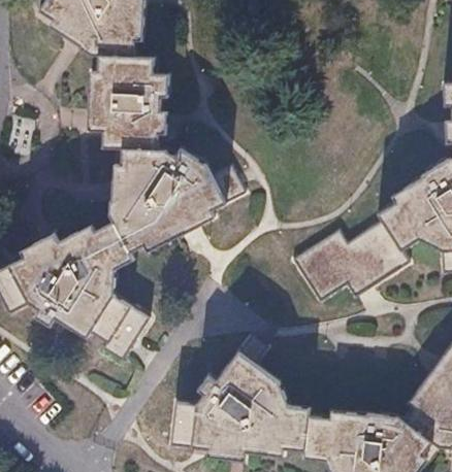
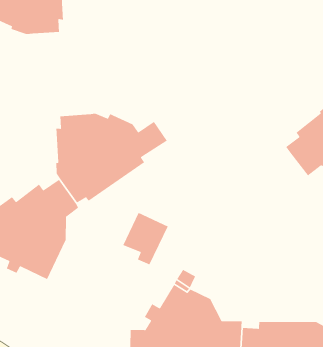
building: [94,49,167,148] -> none
building: [297,218,413,302] -> none
building: [94,293,151,357] -> [122,212,169,266]

